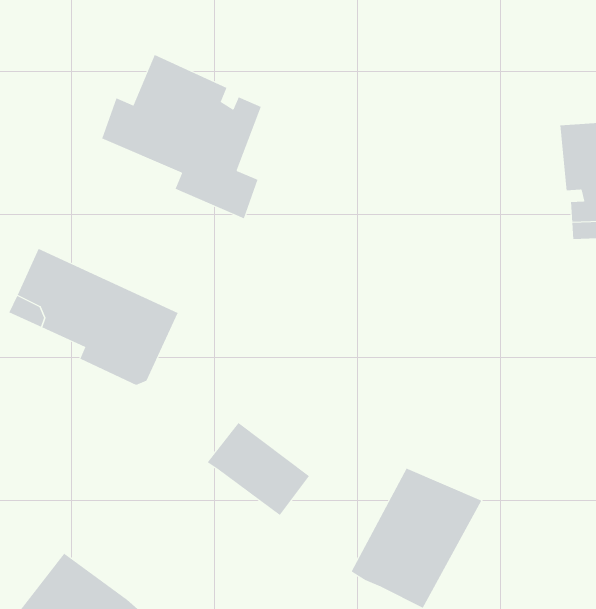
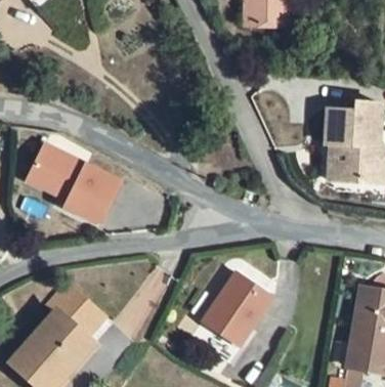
building: [101,54,262,219] -> none
building: [207,422,310,516] -> [35,291,90,343]

